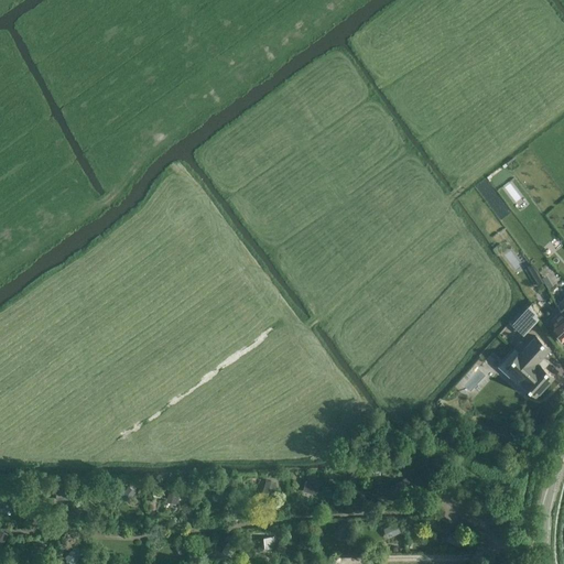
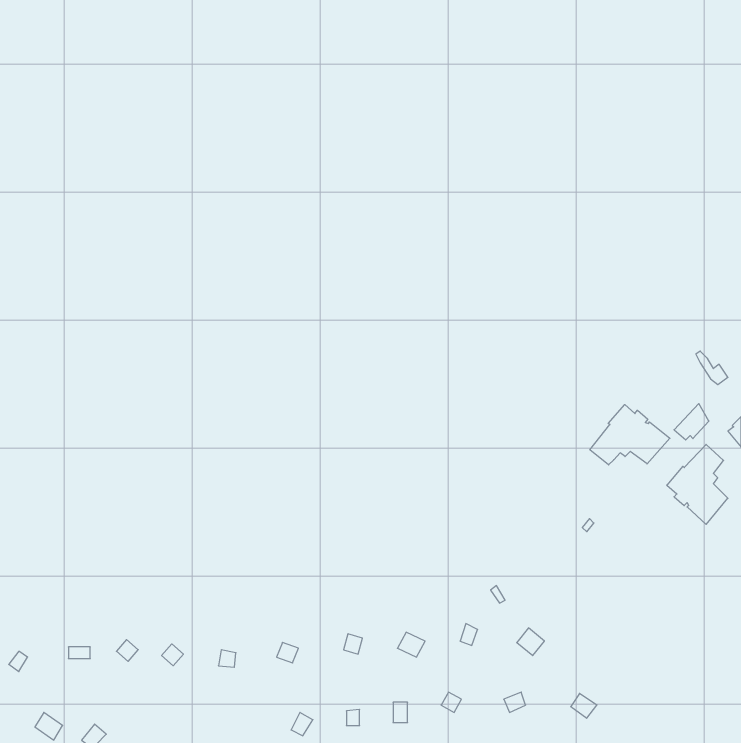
building: none -> [590,405,670,465]

